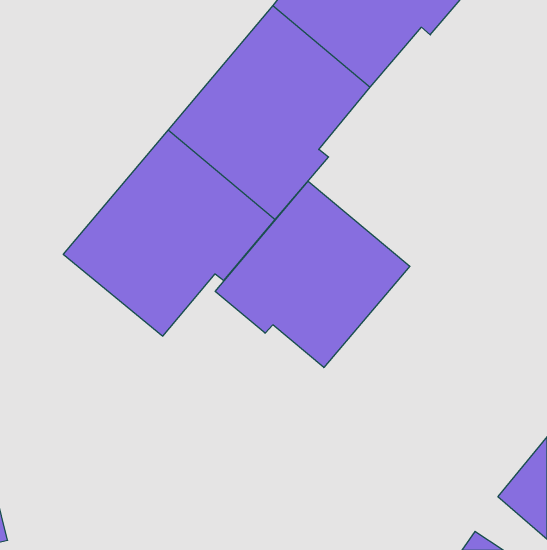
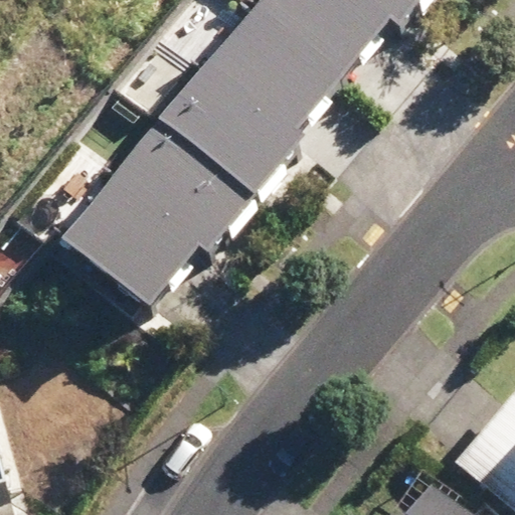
building: [215,181,410,368] -> none

